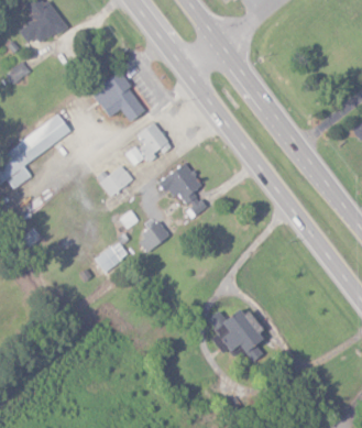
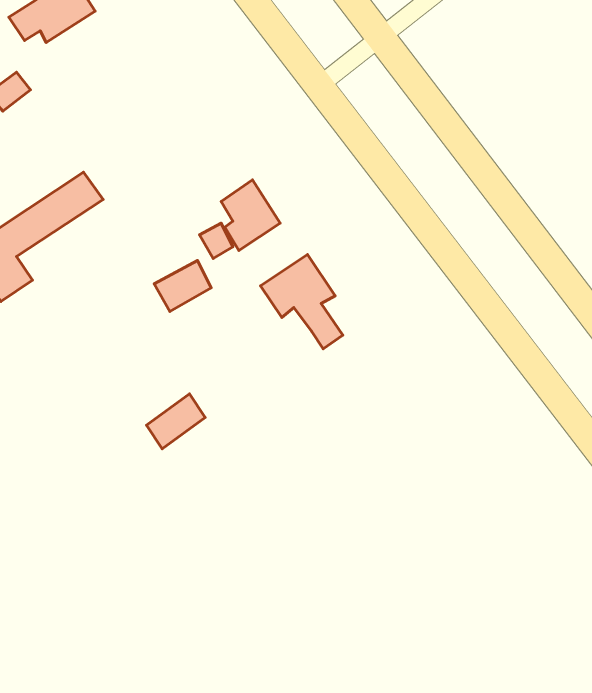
building: [90,72,146,121] -> none
building: [136,222,169,252] -> none
building: [208,309,263,363] -> none

